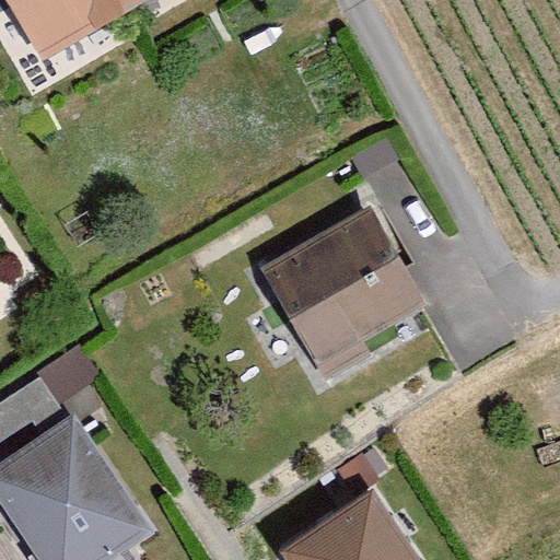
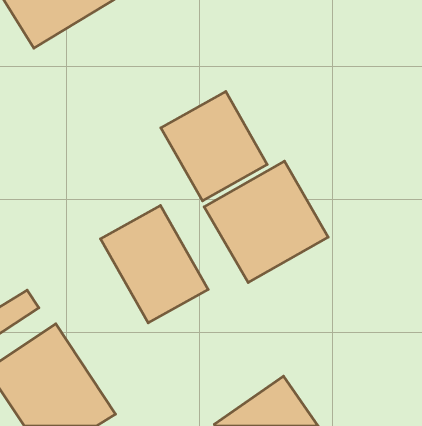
building: none -> [161,92,267,201]
building: none -> [100,205,208,323]

